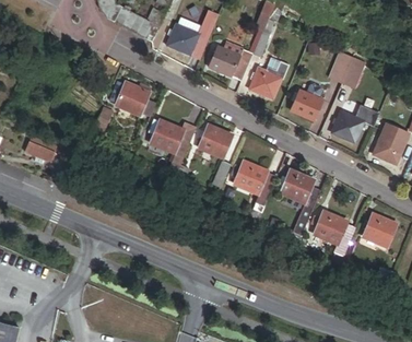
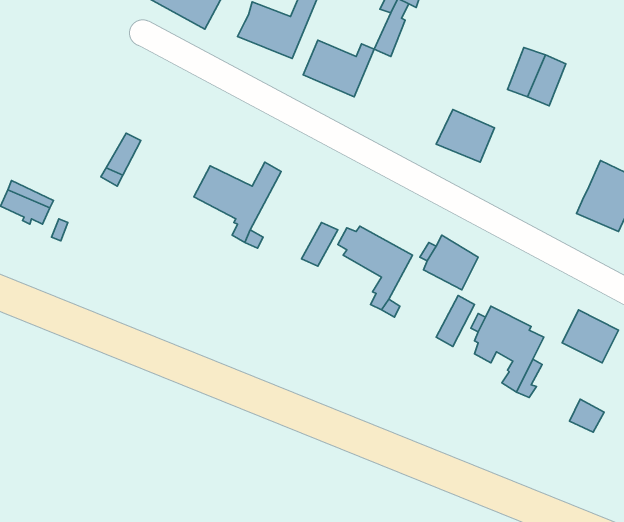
building: [248,57,287,99] -> none
building: [106,79,153,118] -> none
building: [331,104,379,142] -> none
building: [197,123,228,154] -> none

